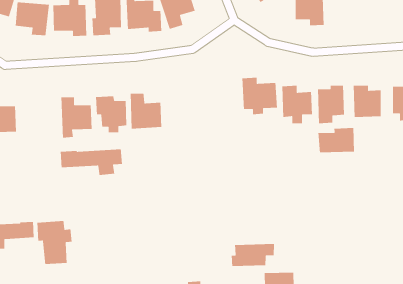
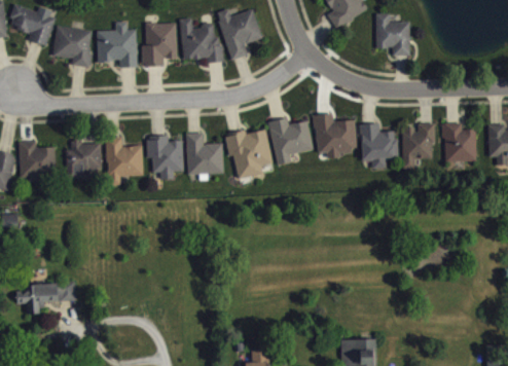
building: none -> [268,118,314,166]
building: none -> [225,129,271,179]
building: none -> [66,142,101,176]
building: [318,127,355,153] -> none
building: [60,148,123,176] -> none
building: [37,220,73,265] -> none
building: [231,243,275,267] -> none

